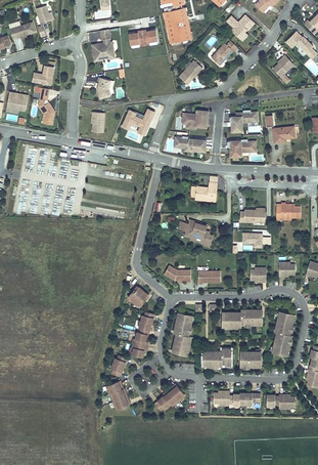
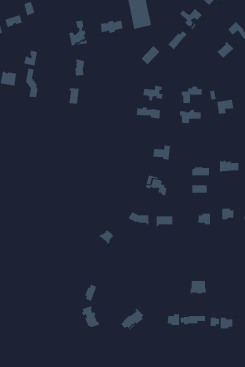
building: [120,108,154,135] -> none
building: [222,309,262,327] -> none
building: [131,311,154,357] -> none
building: [272,312,292,354] -> none
building: [172,314,192,355] -> none
building: [202,348,231,366] -> none

